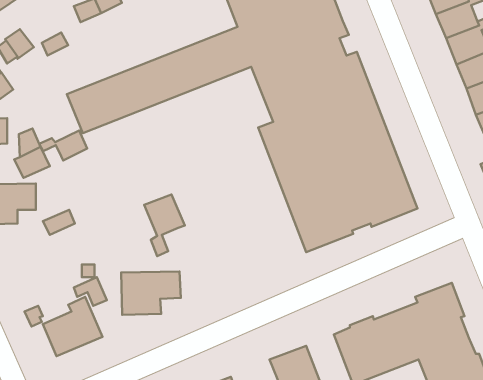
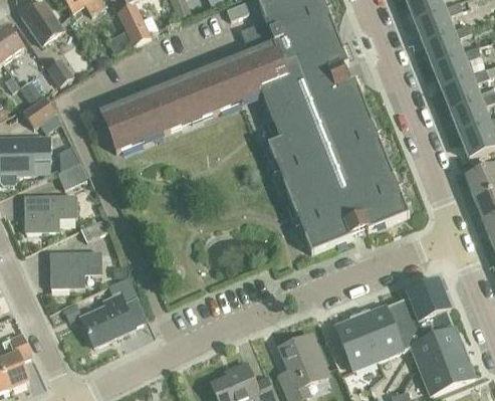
building: [39,130,87,160] -> none
building: [144,195,185,256] -> none
building: [121,271,181,315] -> [49,251,101,289]

